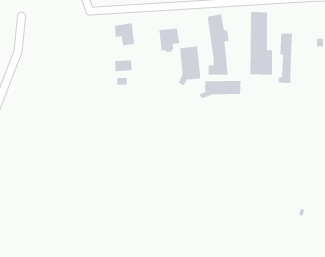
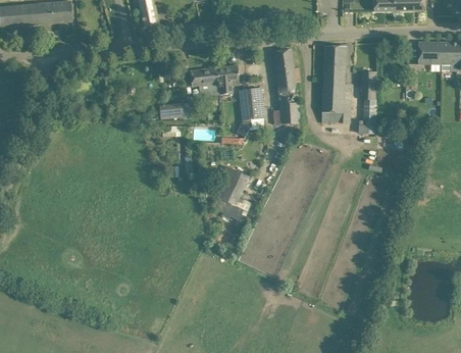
building: [114,23,135,46] -> [191,67,216,96]
building: [198,80,241,99] -> none
building: none -> [211,166,249,206]

